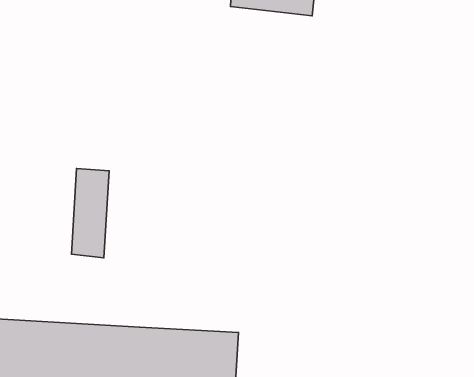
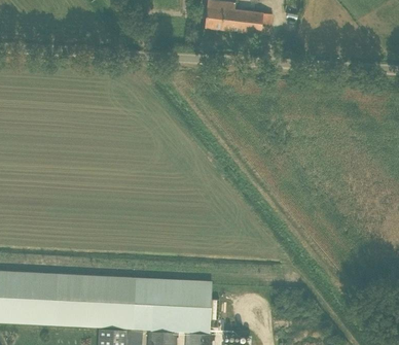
building: [71,168,109,258] -> none

